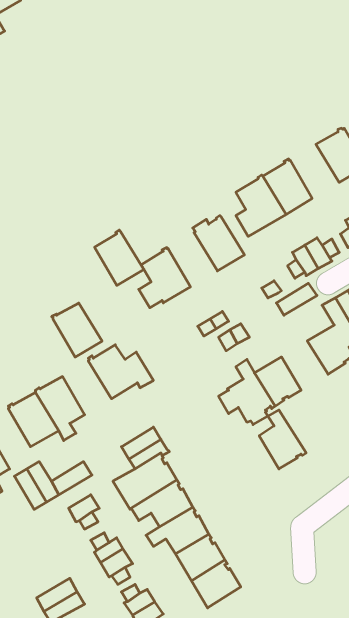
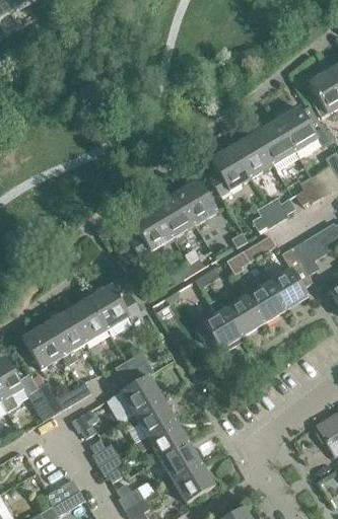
building: none -> [255,119,295,164]
building: [95,230,144,285] -> [154,192,195,237]
building: [52,303,102,357] -> [66,298,108,343]
building: [259,410,306,469] -> [248,274,286,322]

